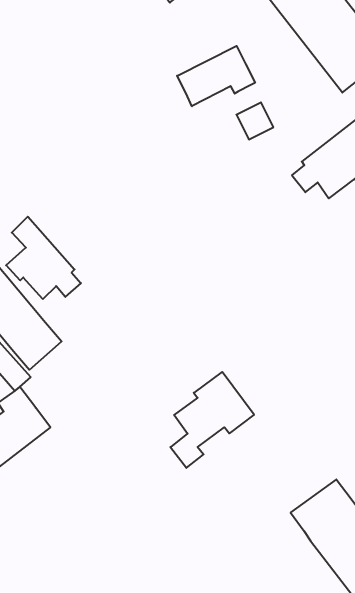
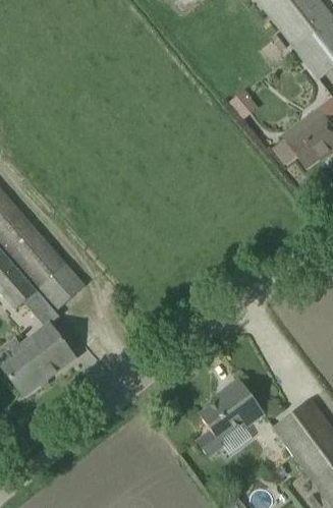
building: [177,46,255,106] -> none
building: [6,217,81,299] -> none
building: [170,372,254,468] -> [196,378,265,457]

